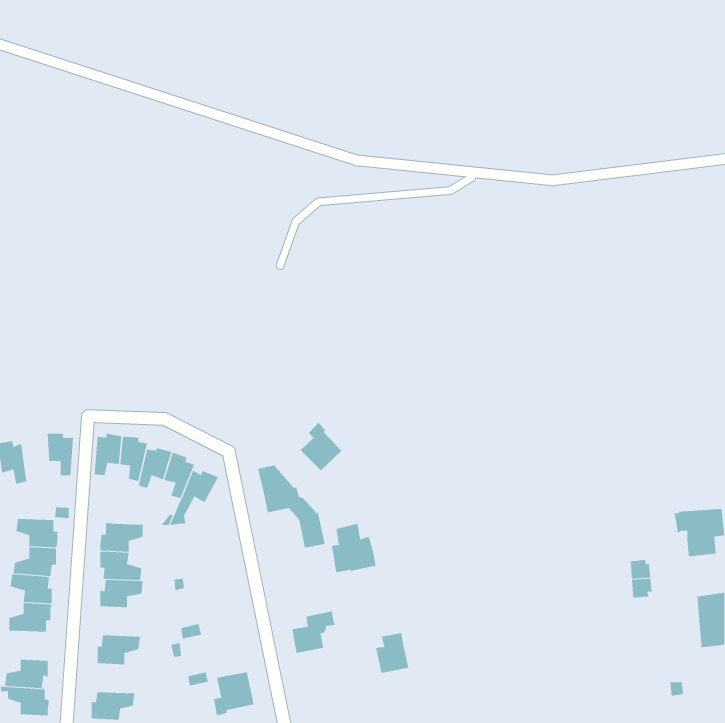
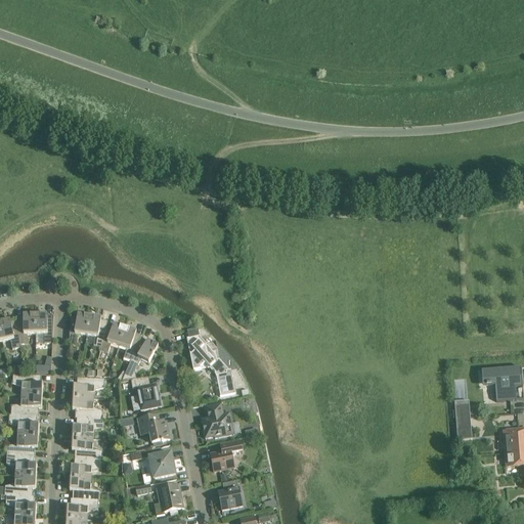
building: [300,422,342,471] -> none
building: none -> [15,312,35,347]
building: none -> [129,376,160,409]
building: [331,523,377,573] -> [201,402,233,438]
building: none -> [137,413,169,442]
building: none -> [71,437,101,458]
building: none -> [148,451,174,478]
building: none -> [5,454,36,476]
building: [375,632,409,674] -> [217,480,242,510]
building: none -> [69,478,99,499]

